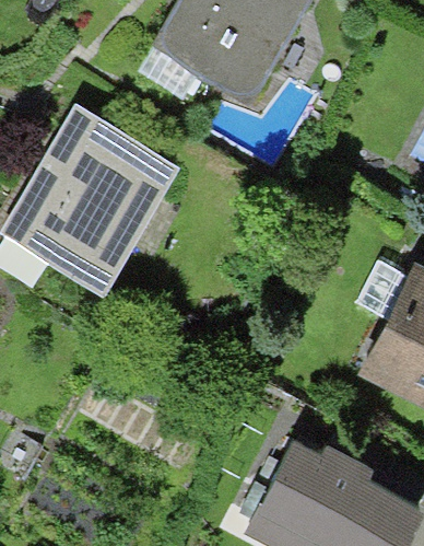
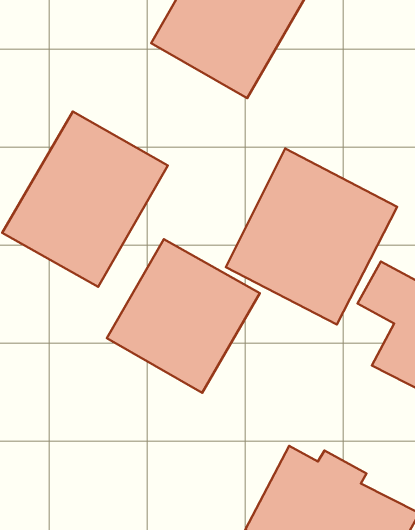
building: none -> [226,149,397,324]
building: none -> [107,239,260,393]

